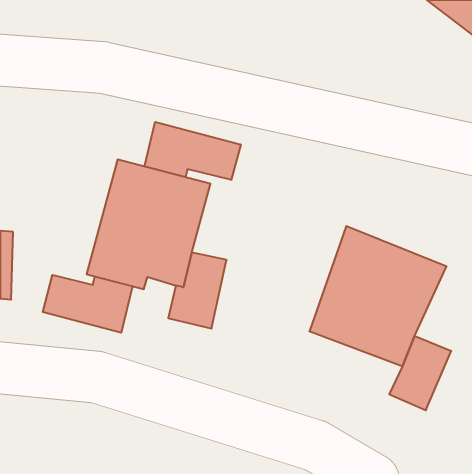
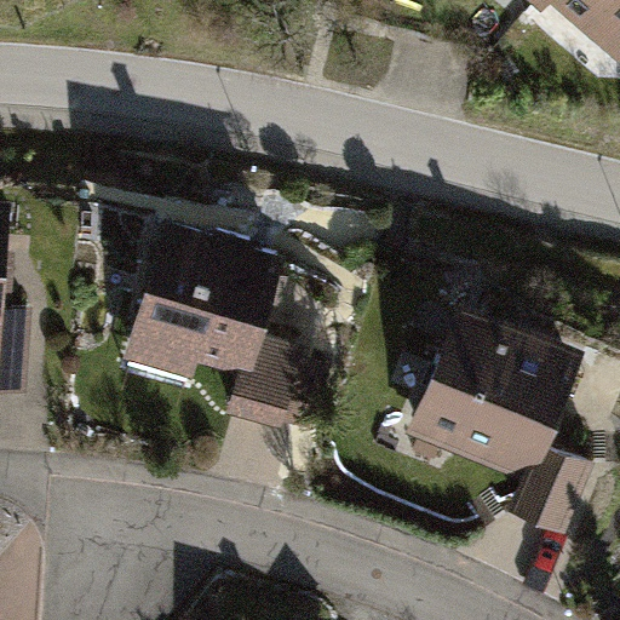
building: [145,122,241,180] -> none
building: [43,275,133,333] -> none

